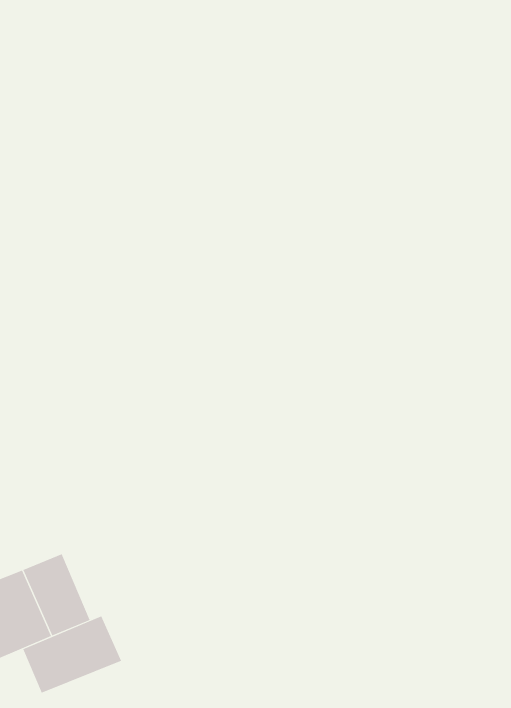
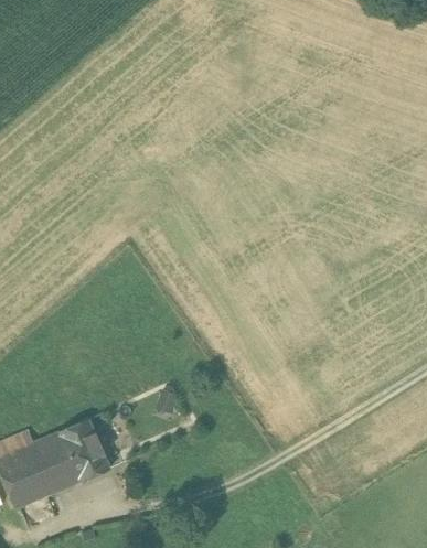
building: [23,615,122,693] -> none

